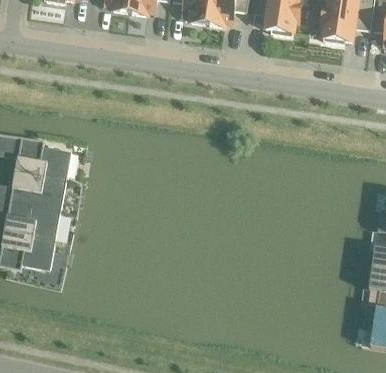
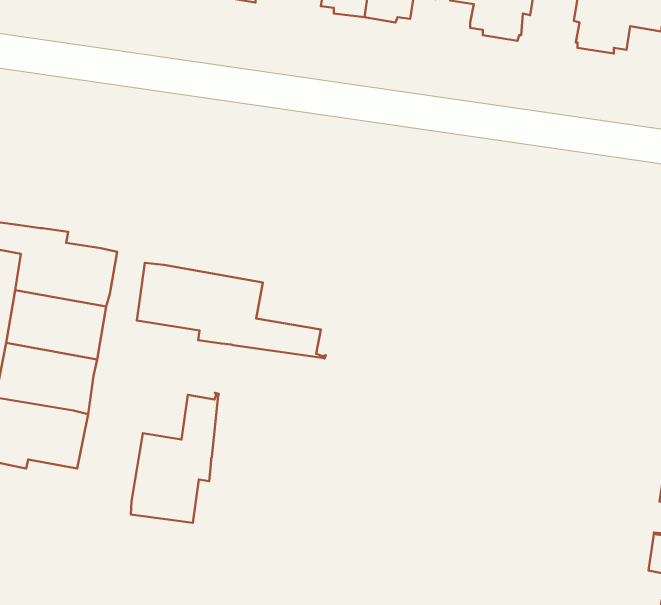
building: none -> [137,263,326,359]
building: none -> [131,393,219,523]

